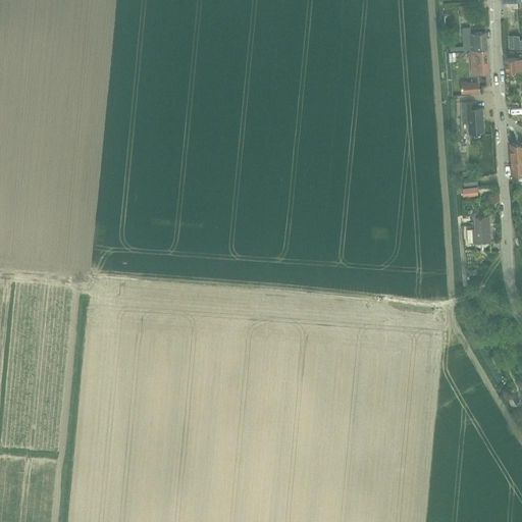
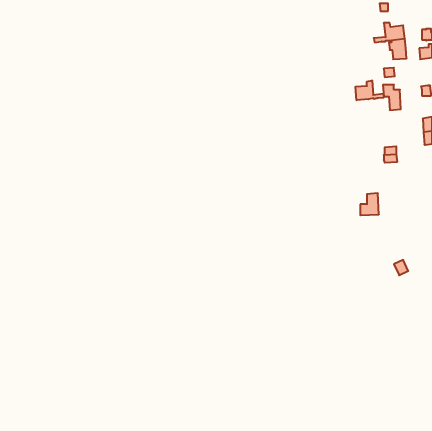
building: none -> [356,80,384,100]
building: [468,217,490,244] -> [360,193,379,215]

